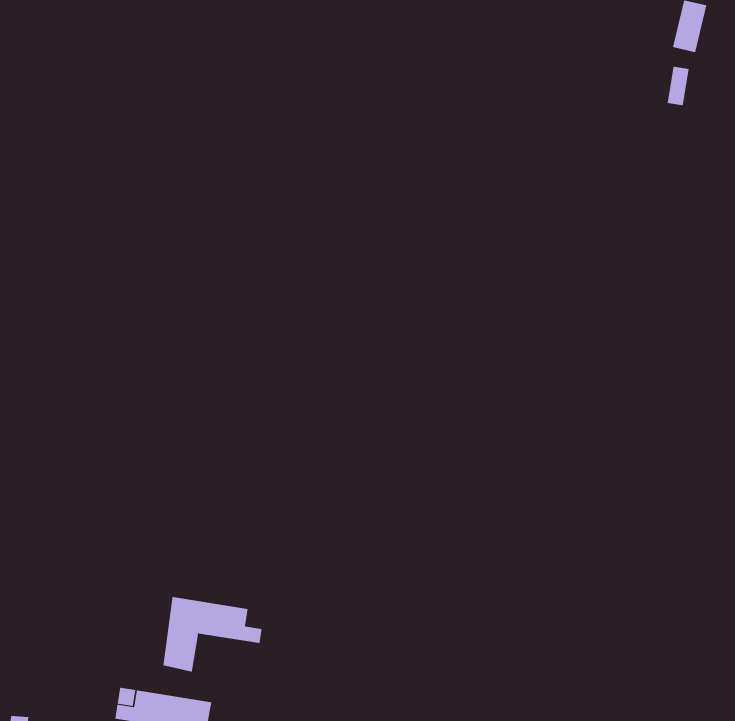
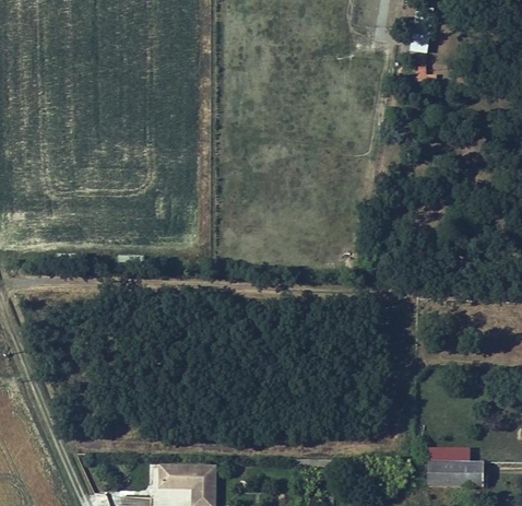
building: [163,596,262,673] -> none

